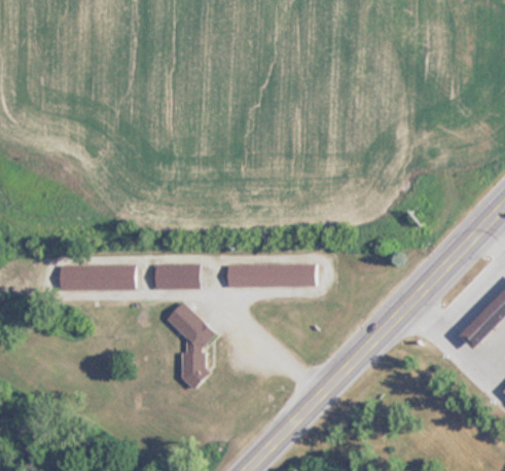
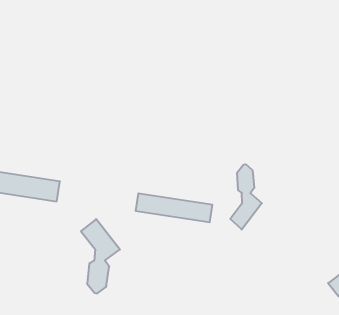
building: none -> [230,164,262,230]
building: [154,264,199,289] -> none

